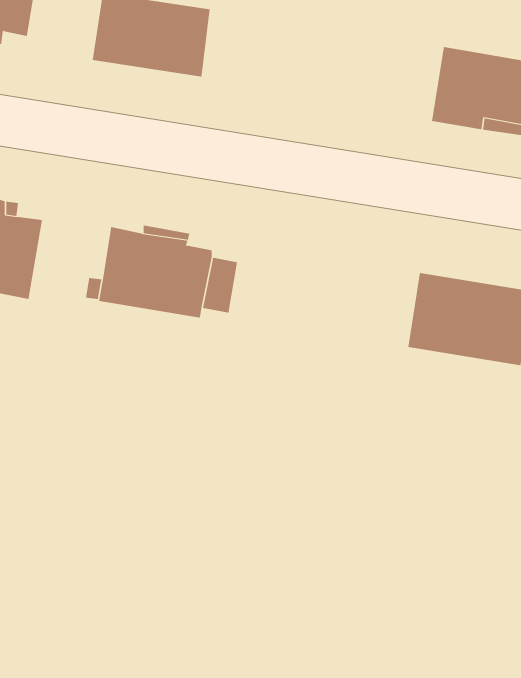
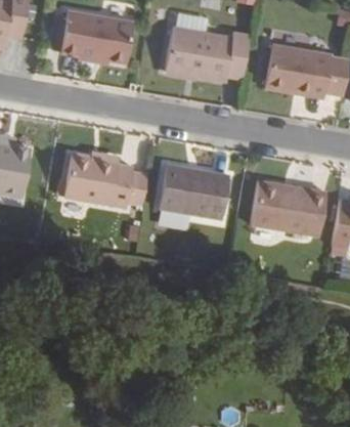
building: none -> [164,27,249,82]
building: none -> [158,164,228,220]

